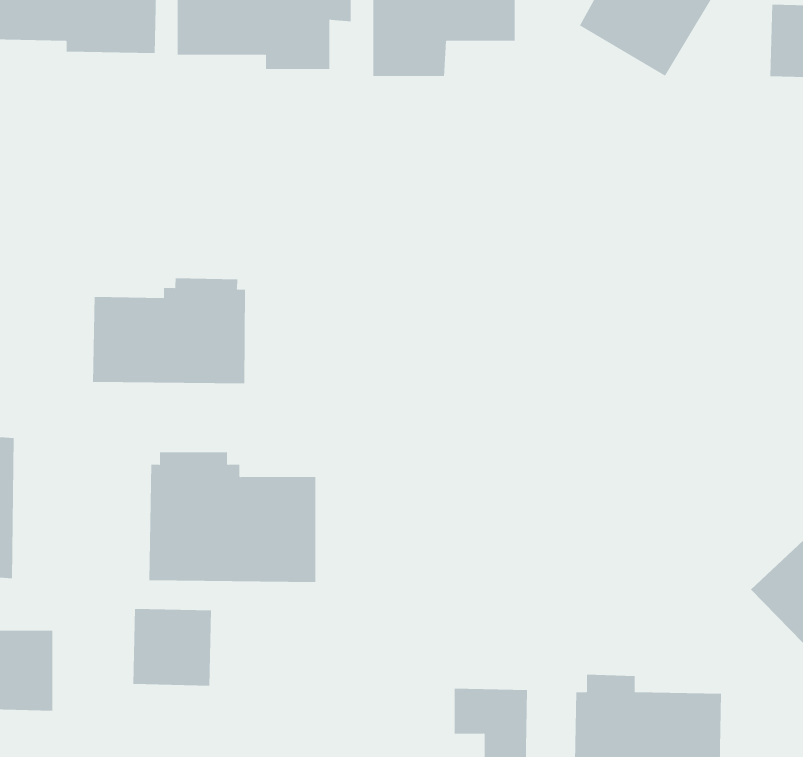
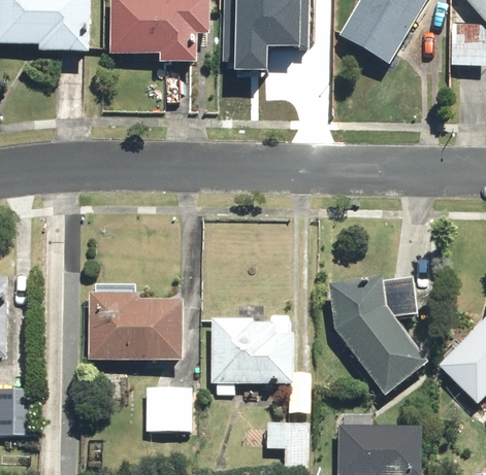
building: [92,277,245,384] -> none
building: none -> [331,277,430,395]
building: none -> [209,317,294,382]
building: [133,608,212,686] -> [145,385,192,431]

